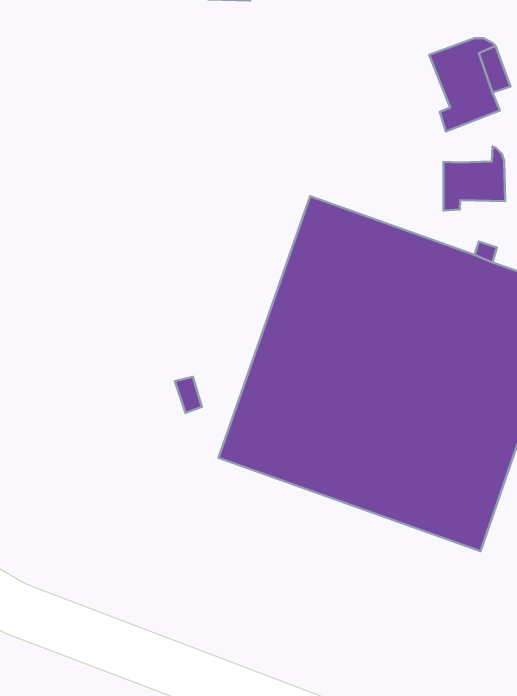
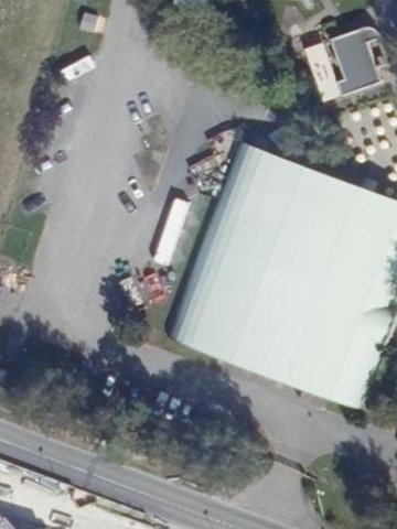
building: [443,146,505,211] -> none

